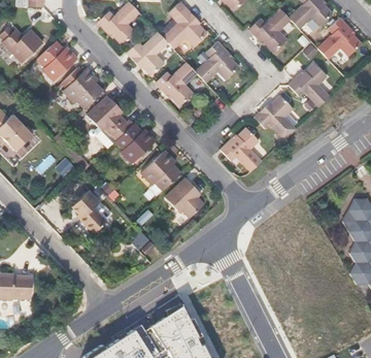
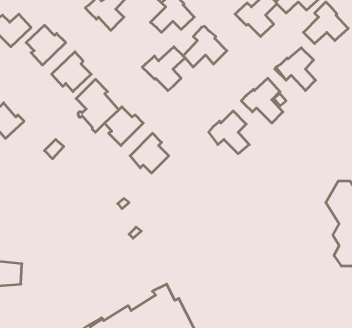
building: [126,31,169,75] -> none
building: [165,177,206,218] -> none
building: [74,196,104,238] -> none

